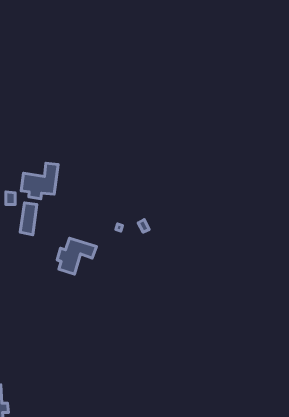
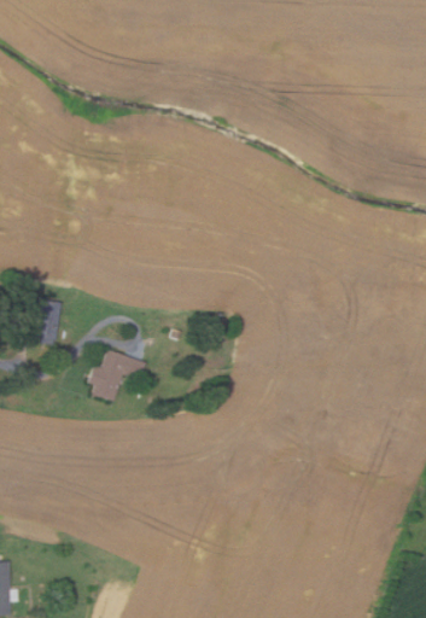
building: [21,163,58,199] -> none

